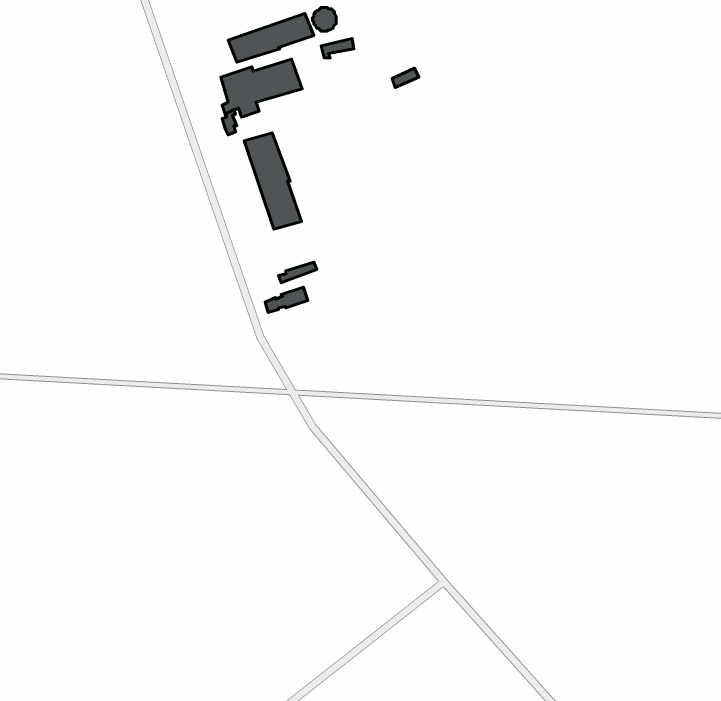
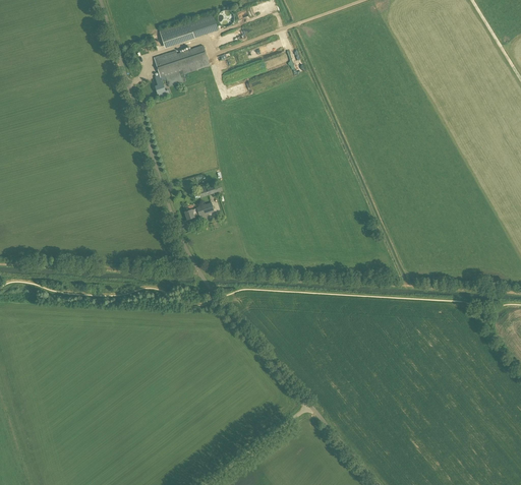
building: [244,133,302,229] -> none

